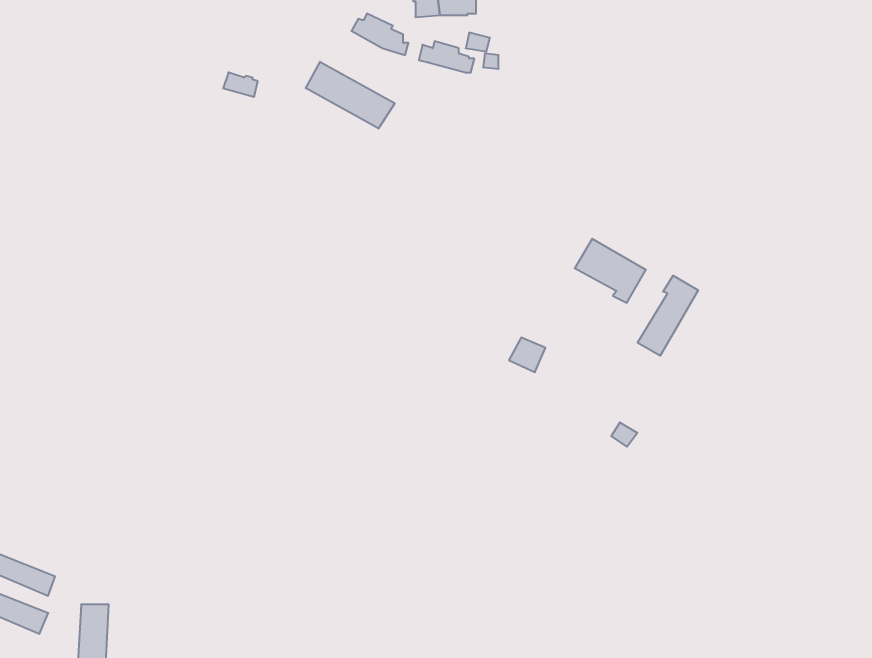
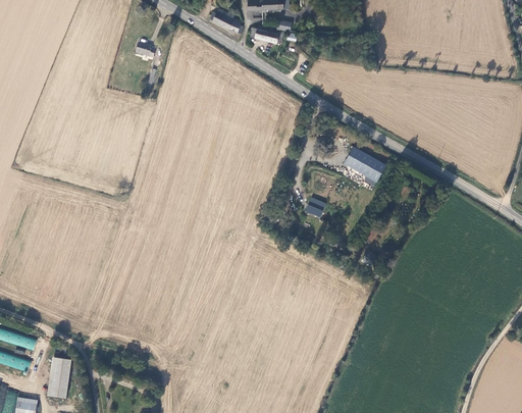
building: [306,62,395,129] -> none
building: [638,276,698,356] -> none

